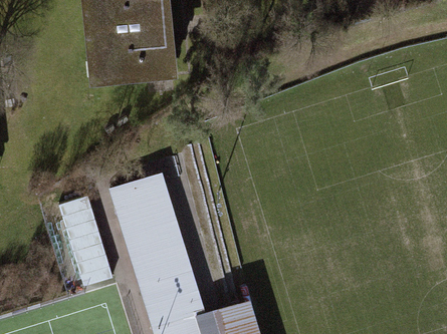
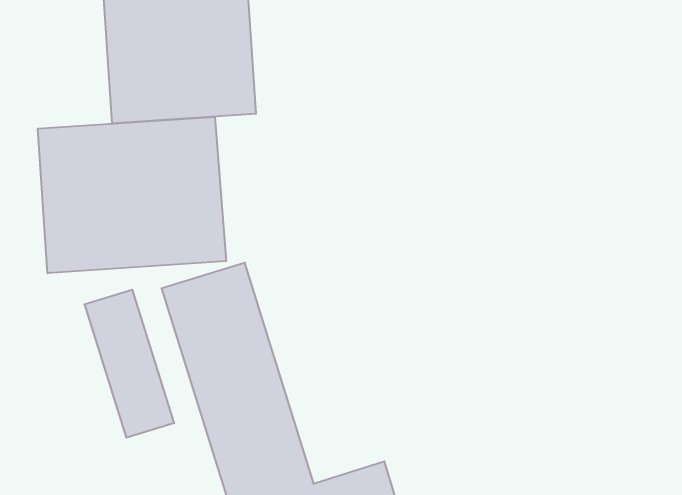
building: none -> [38,117,226,273]

